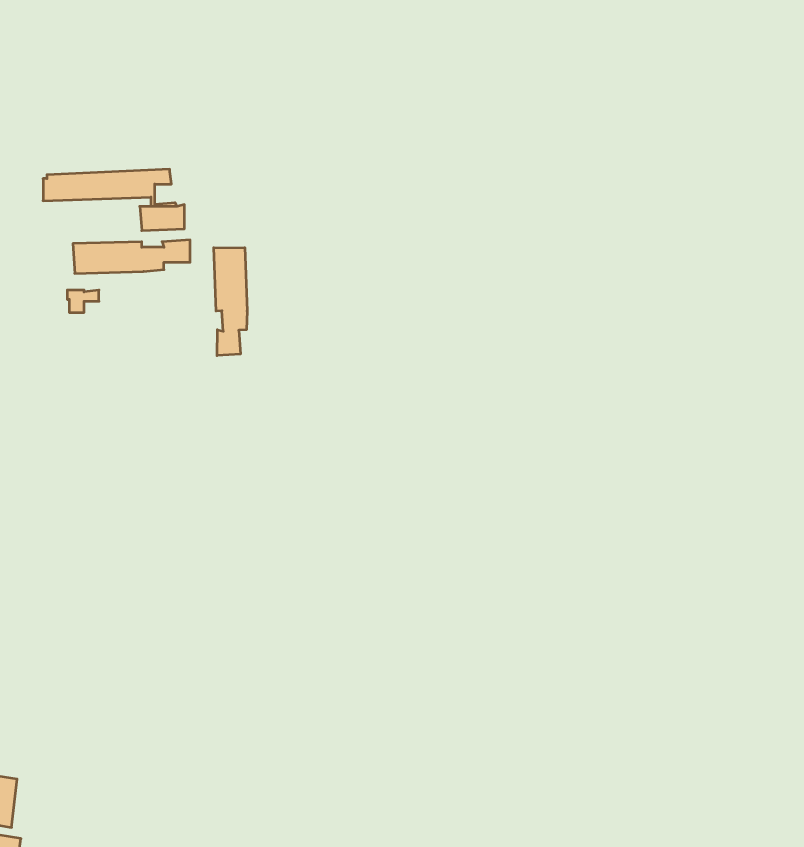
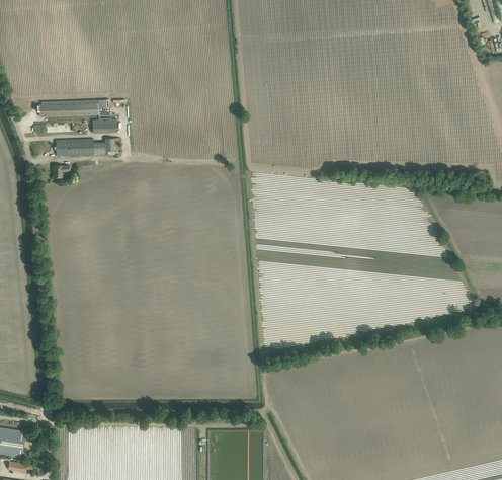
building: [214,248,247,356] -> none

